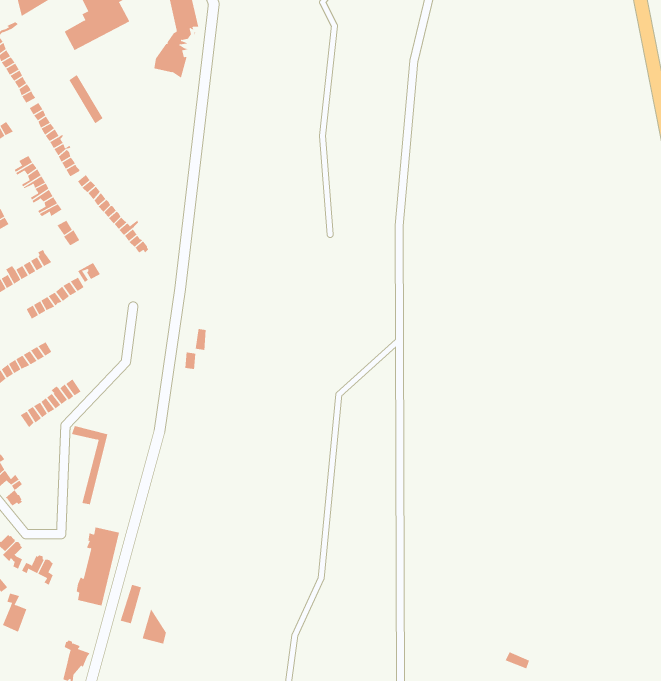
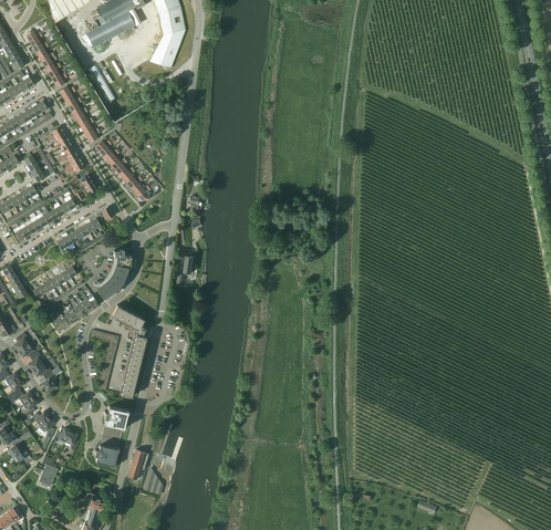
building: none -> [94,250,131,300]
building: none -> [111,305,147,396]

